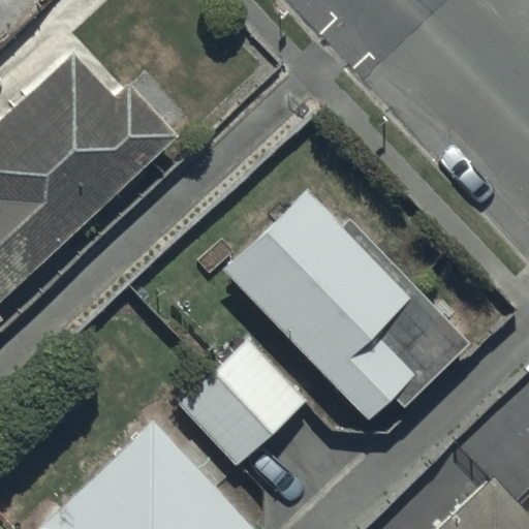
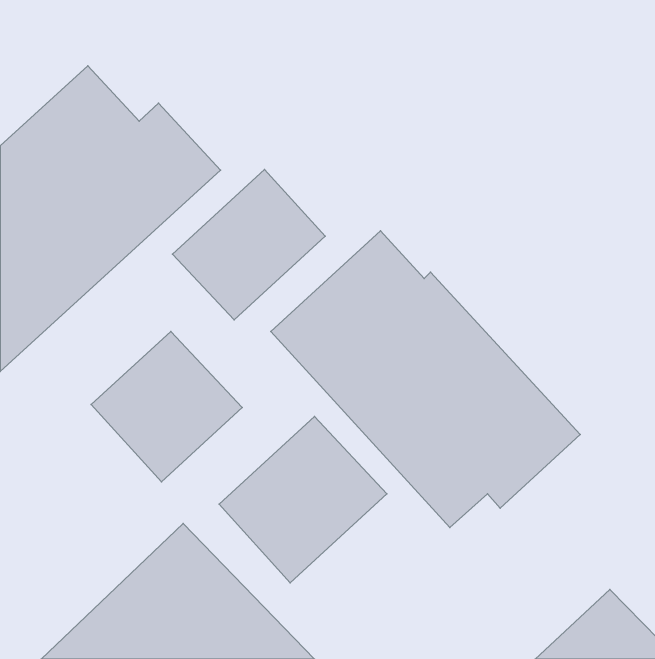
building: none -> [172,169,325,320]
building: none -> [91,331,242,482]

